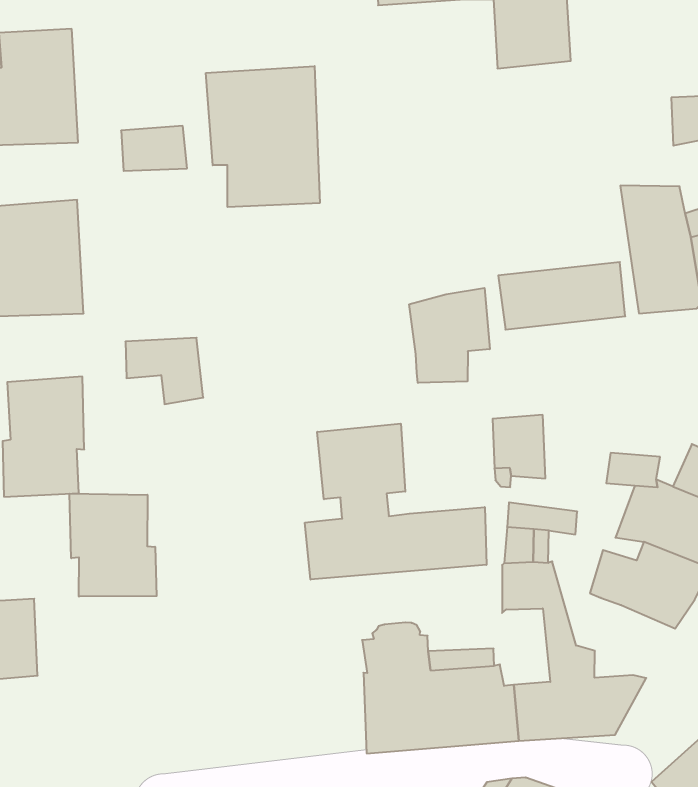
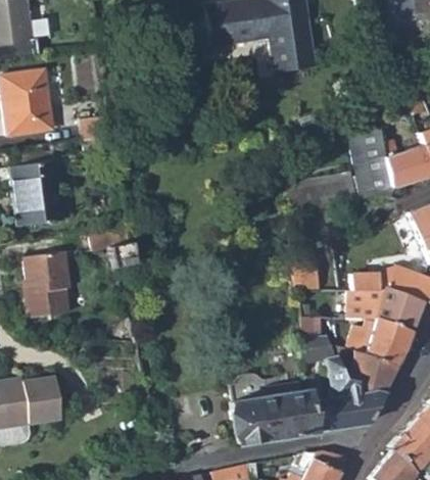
building: [206,66,320,207] -> none
building: [409,288,490,383] -> none
building: [305,424,486,580] -> none
building: [70,494,157,597] -> none
building: none -> [352,351,394,394]

